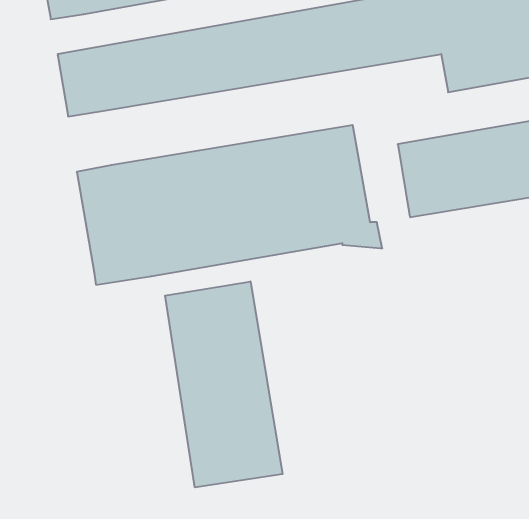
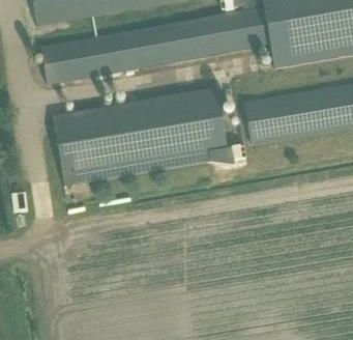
building: [165,281,283,487] -> none

